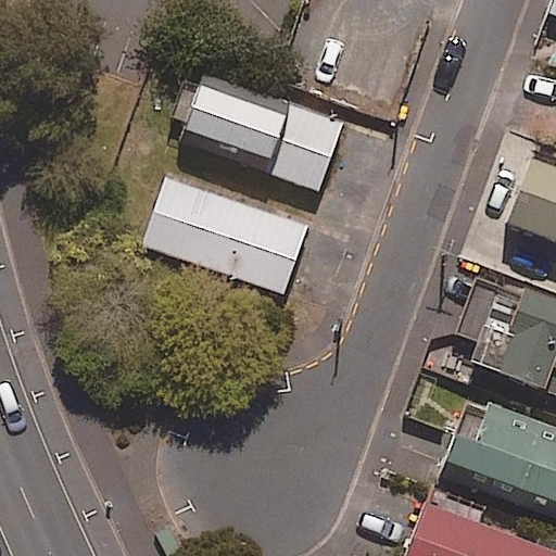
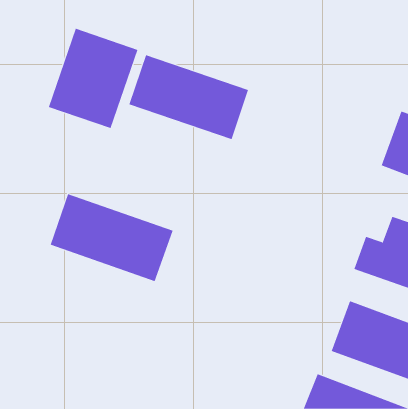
building: none -> [48,28,138,129]
building: [140,175,307,294] -> [50,193,174,282]

